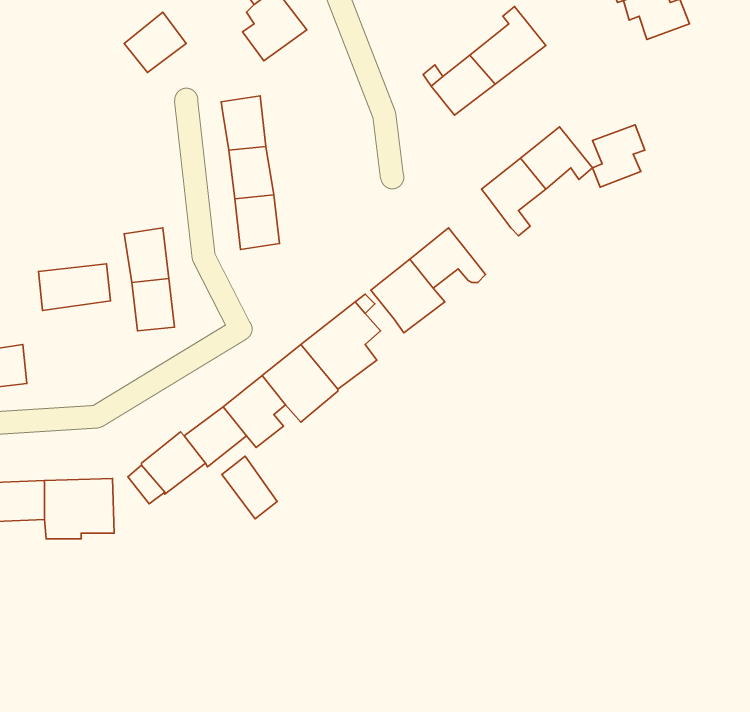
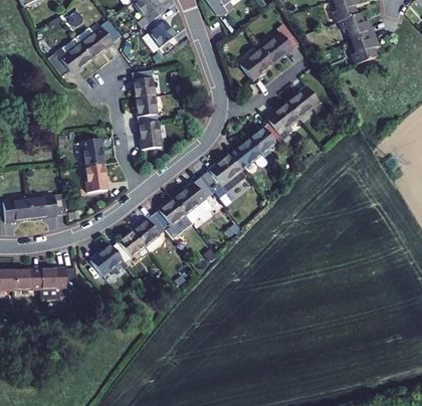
building: none -> [48,36,93,75]
building: [592,125,645,187] -> [352,32,379,64]
building: none -> [249,122,281,153]
building: [38,264,110,310] -> [29,194,66,218]
building: [222,456,277,519] -> none

